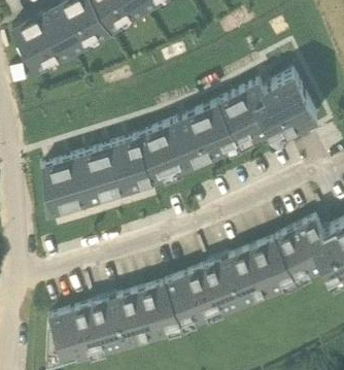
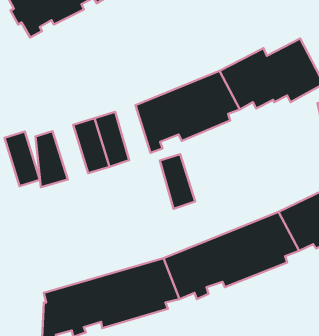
building: [116,135,150,188] -> [160,154,195,209]
building: [57,154,91,206] -> [4,131,40,186]

